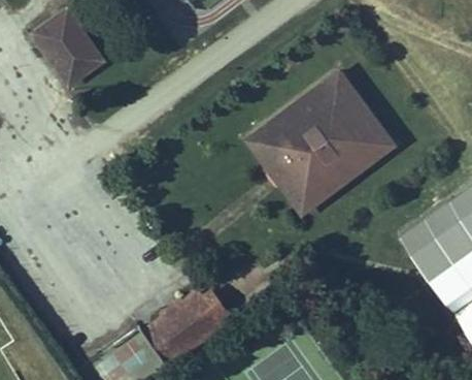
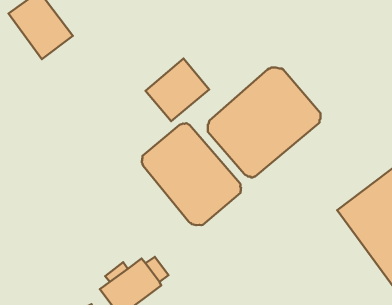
building: none -> [145,58,209,121]
building: none -> [142,123,241,225]

